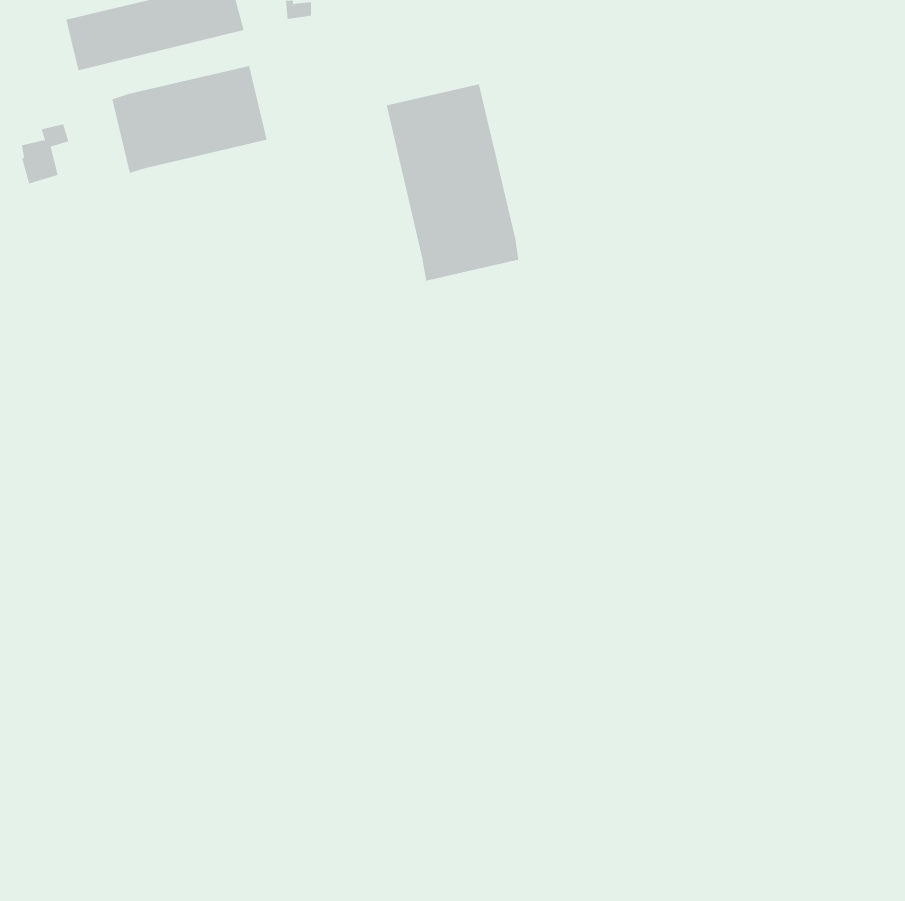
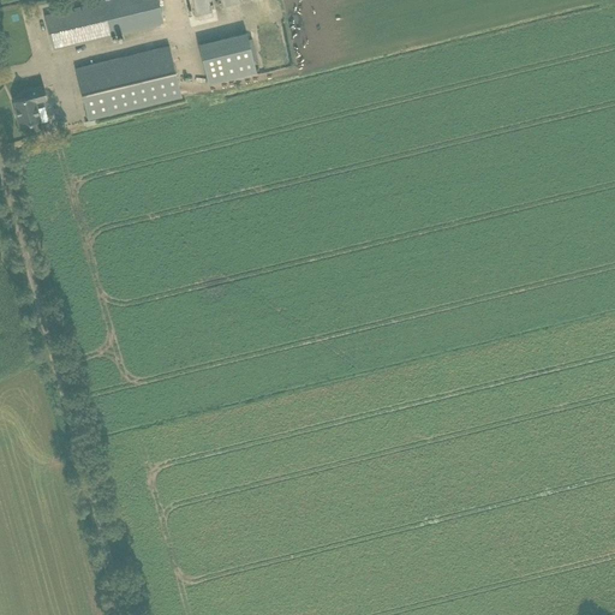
building: none -> [201,34,256,82]
building: [386,83,519,282] -> none

